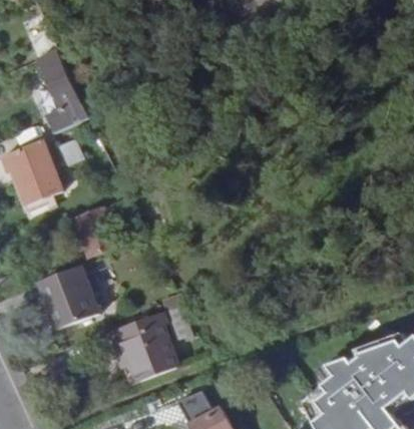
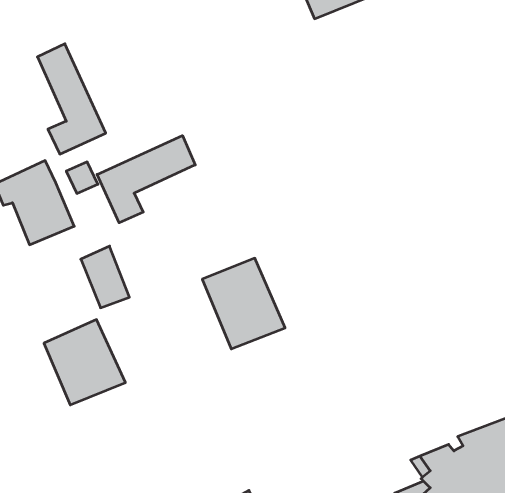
building: none -> [97,136,195,223]
building: [111,312,174,381] -> [202,258,285,349]

